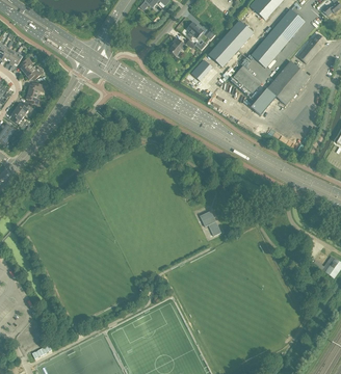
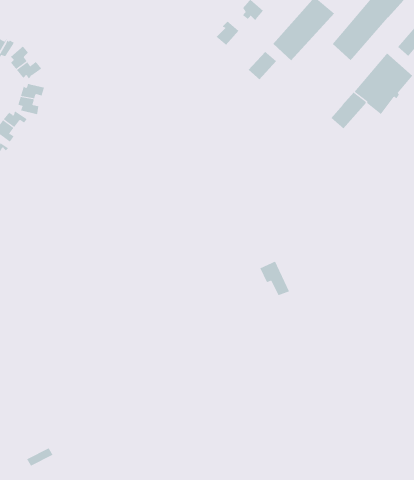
building: [234,62,265,94] -> none

